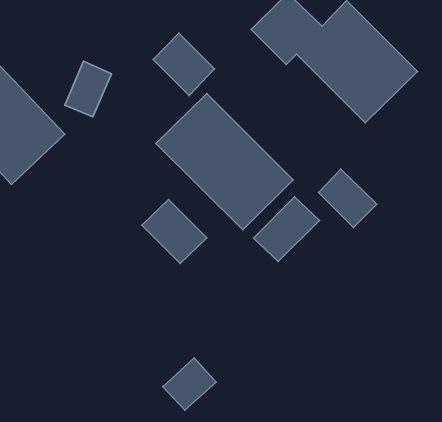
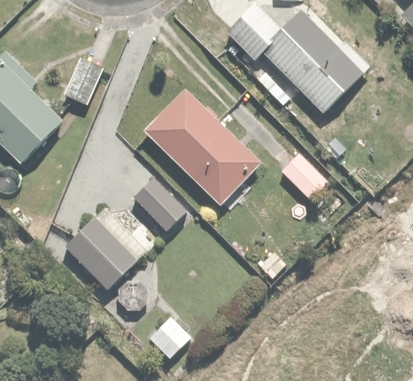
building: [153,33,215,96] -> none
building: [253,197,319,262] -> none
building: none -> [65,201,155,291]

